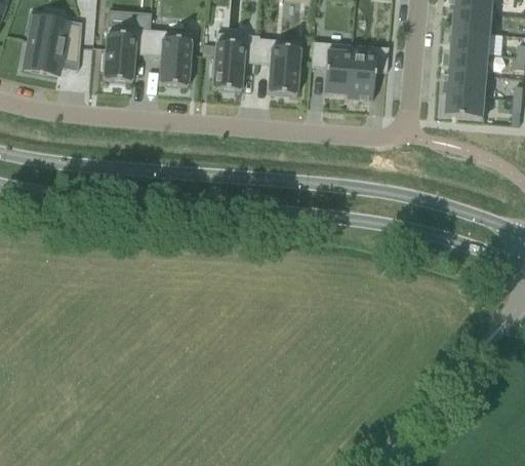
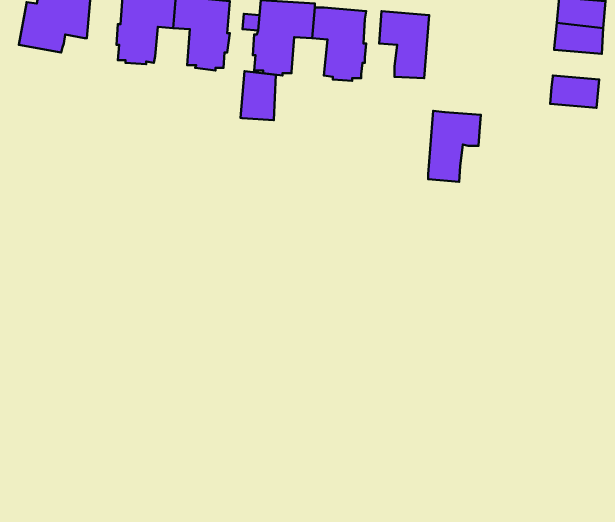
building: [347,44,389,101] -> [428,111,481,182]
building: [445,70,488,95] -> none
building: none -> [241,71,276,120]

